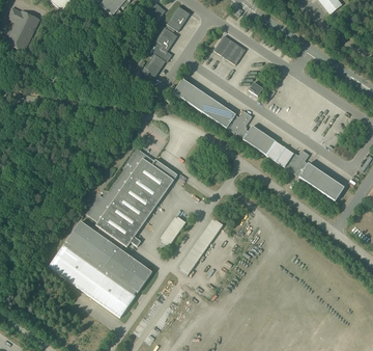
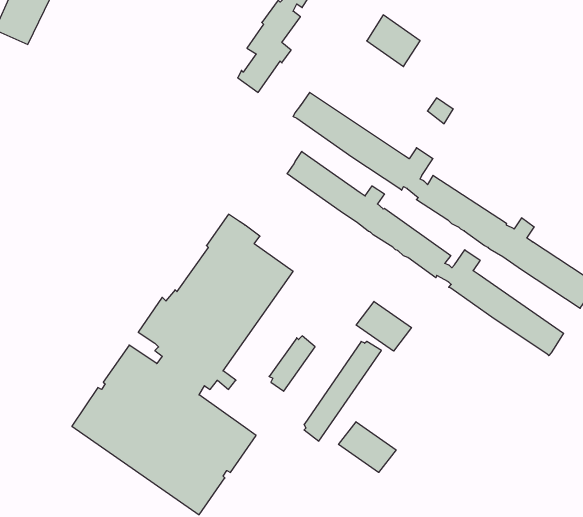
building: none -> [287,151,564,356]
building: none -> [356,301,411,351]
building: none -> [339,422,396,472]

